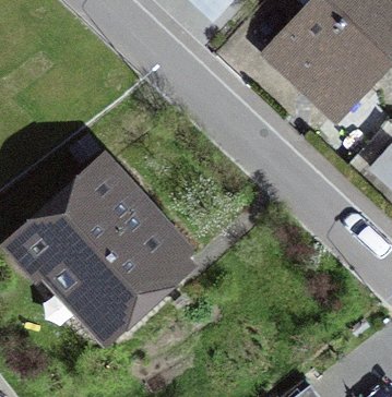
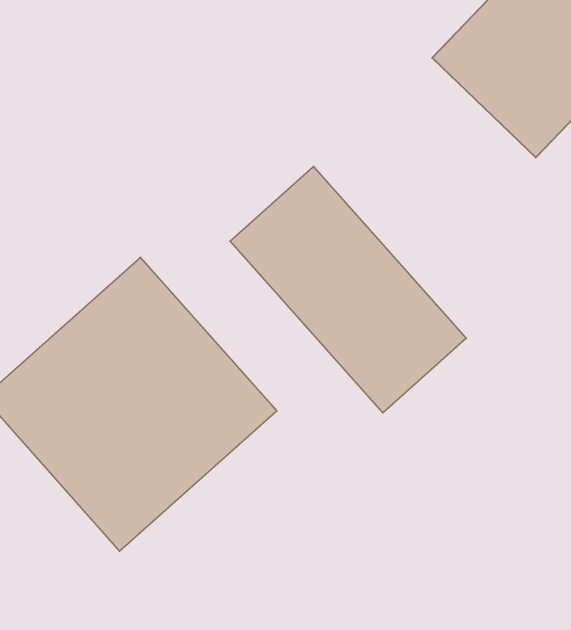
building: none -> [230,167,466,413]

